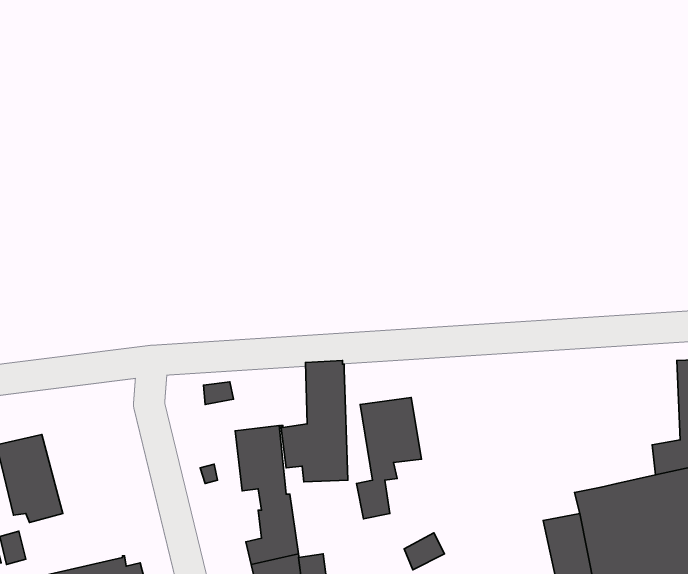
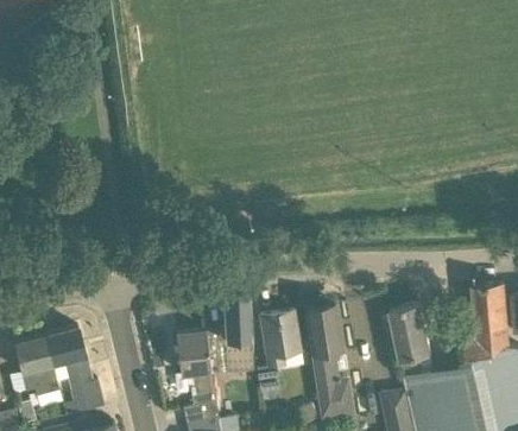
building: none -> [304,304,353,420]
building: none -> [391,304,432,375]
building: none -> [45,327,103,413]

